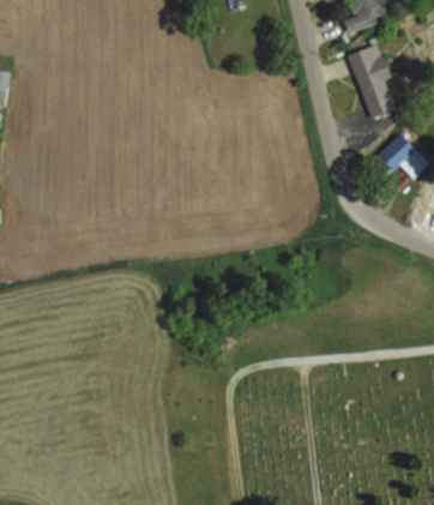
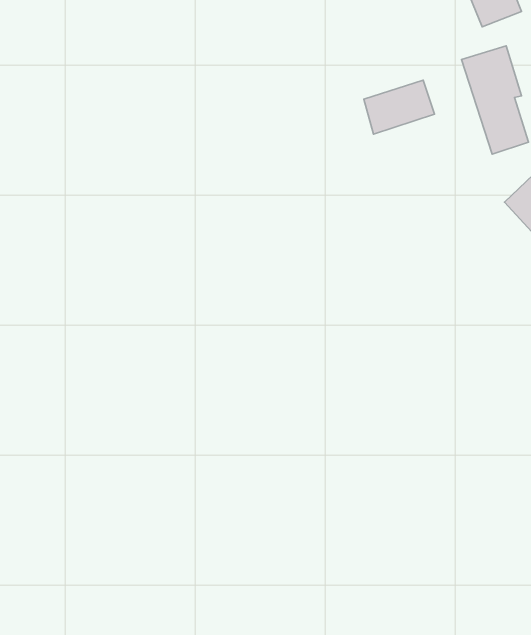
building: none -> [364,80,434,134]

